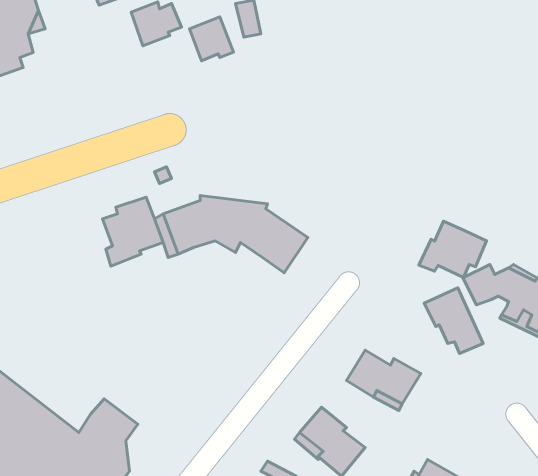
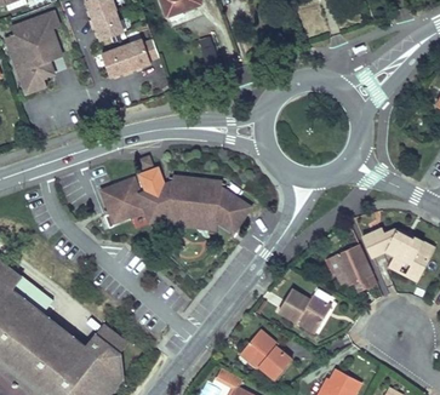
building: [190,17,233,61] -> [101,45,132,76]
building: [419,221,486,277] -> none
building: none -> [166,210,217,230]

